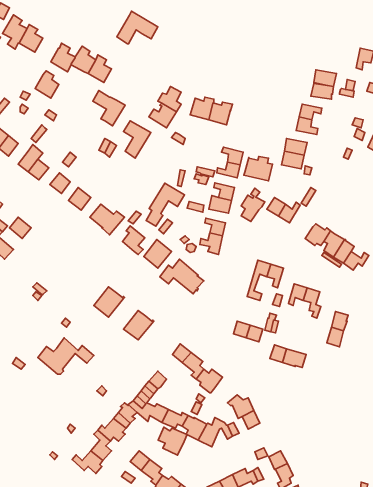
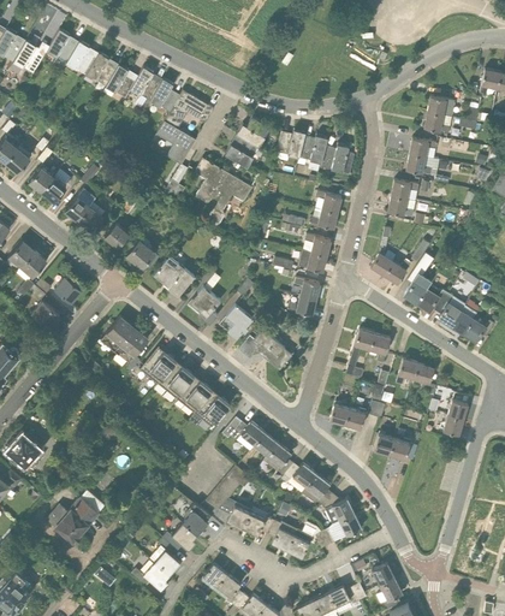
building: [117,11,158,44] -> [165,89,215,129]
building: [35,71,59,98] -> [87,52,115,85]
building: [244,156,272,181] -> [320,143,355,173]
building: [146,183,184,226] -> [206,172,252,225]
building: [241,188,265,222] -> [405,261,434,302]
building: none -> [101,315,148,374]
building: none -> [141,344,178,384]
building: none -> [177,375,214,413]
building: none -> [225,416,265,444]
building: [38,338,94,374] -> [49,494,118,539]
building: none -> [302,472,334,503]
building: [158,427,187,455] -> none

